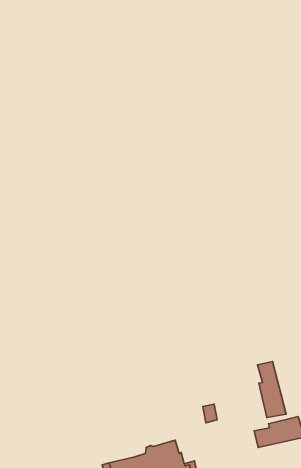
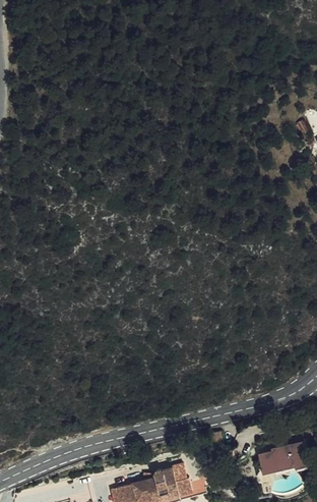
building: [258,361,286,417] -> none

